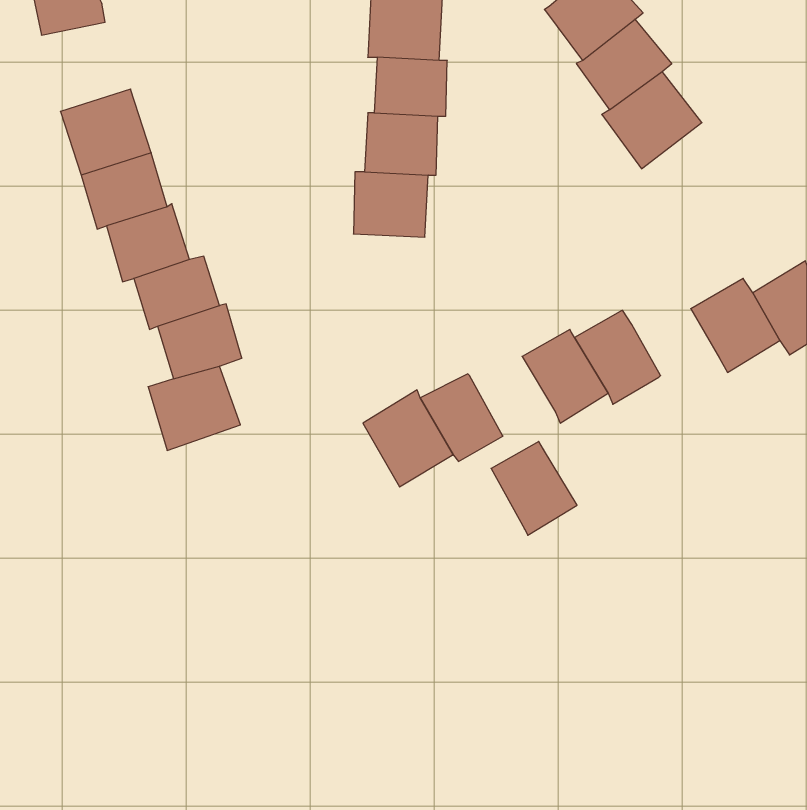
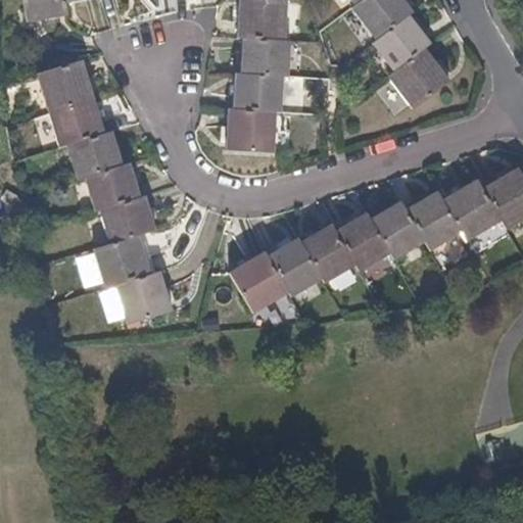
building: none -> [406,190,462,248]
building: none -> [116,271,173,325]
building: [491,441,577,535] -> [301,224,356,284]

